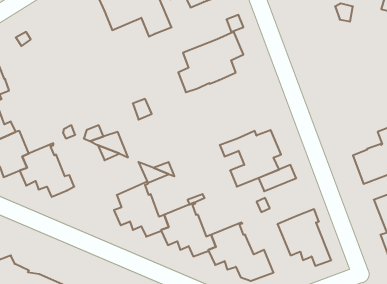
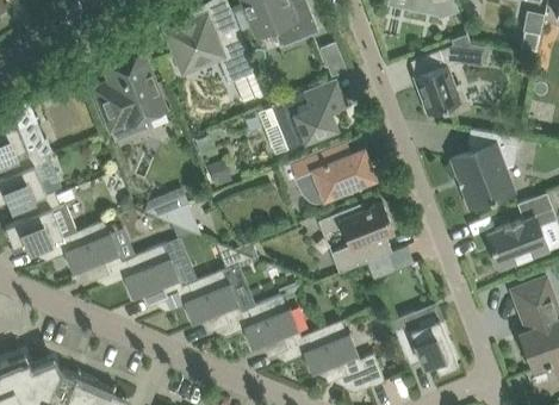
building: none -> [411,46,468,117]
building: none -> [93,54,166,143]
building: none -> [451,130,517,210]
building: none -> [281,139,373,199]
building: none -> [124,243,193,312]

